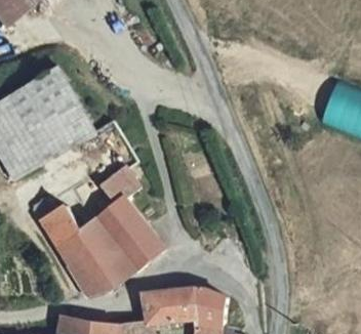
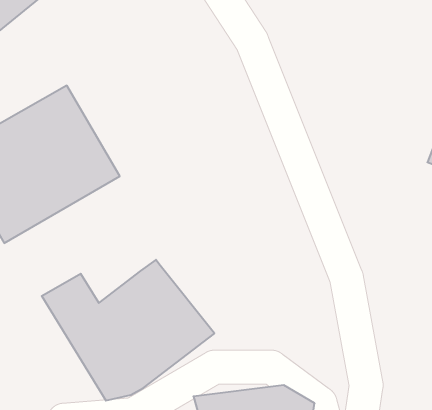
building: [96,165,141,203] -> none

